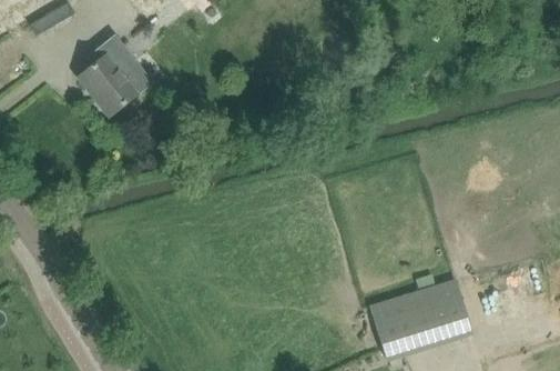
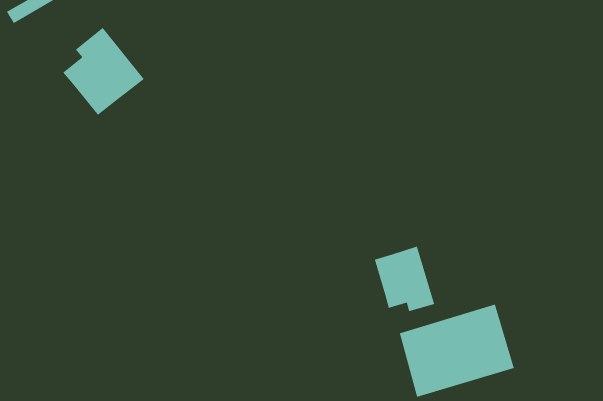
building: none -> [374,245,435,312]

